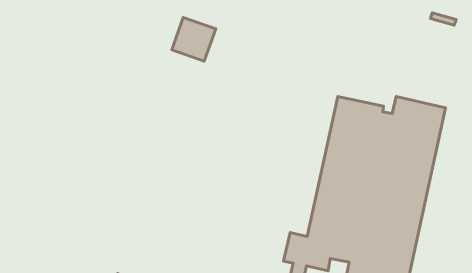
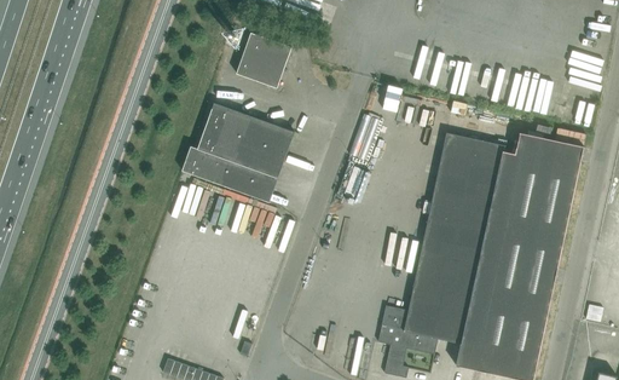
building: none -> [181,103,294,203]

